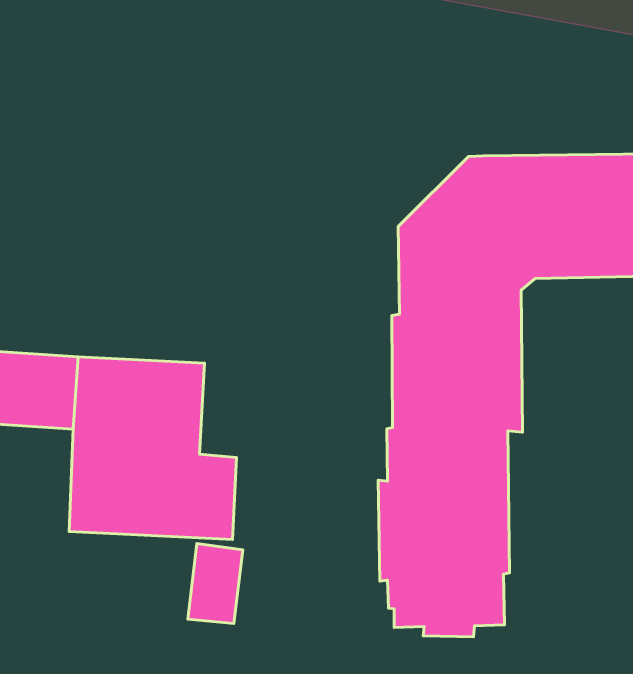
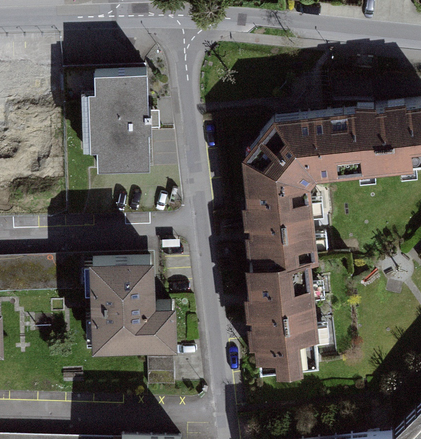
building: none -> [83,63,145,161]

